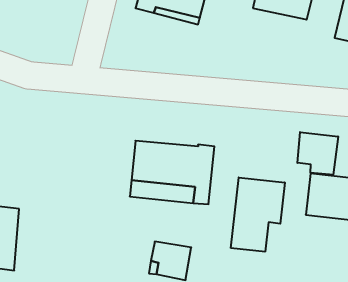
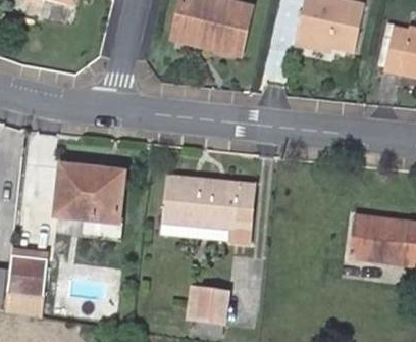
building: none -> [56,164,125,223]
building: [297,132,338,175] -> none
building: [231,177,285,252] -> none

